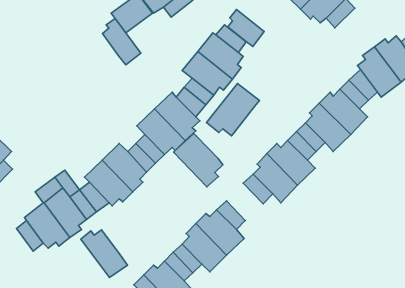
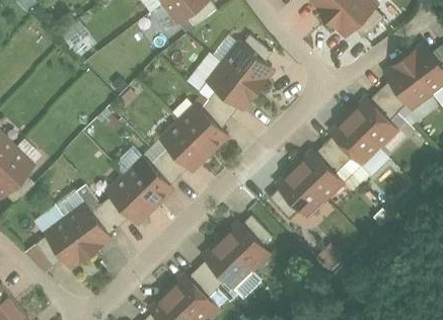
building: [228,10,264,46] -> none
building: [102,18,141,65] -> none
building: [207,83,259,136] -> none
building: [174,134,223,187] -> none
building: [81,230,127,277] -> none

